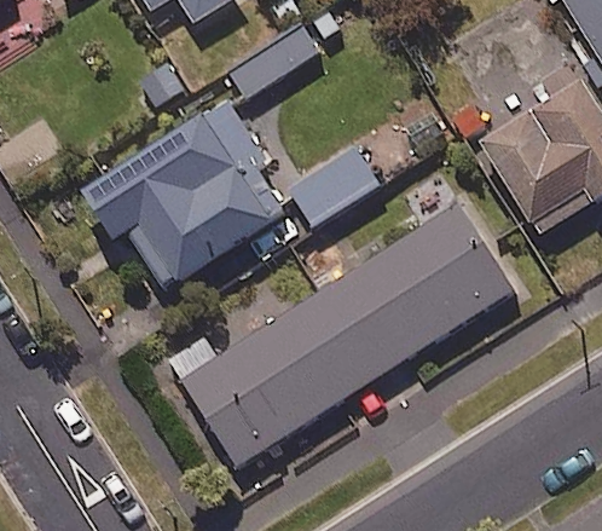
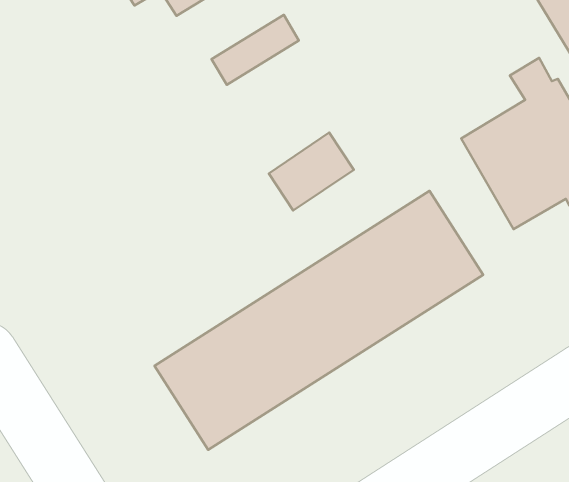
building: [86,100,288,285] -> none

